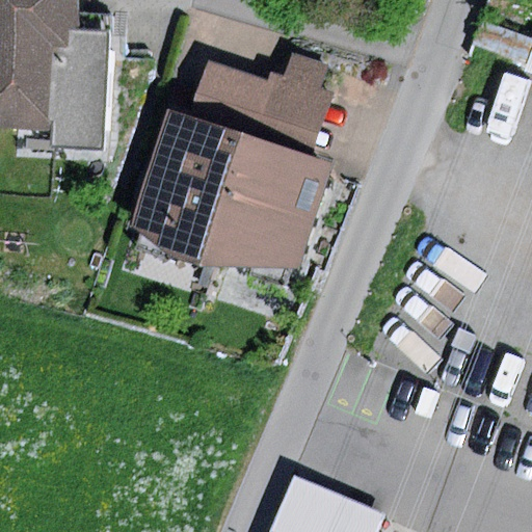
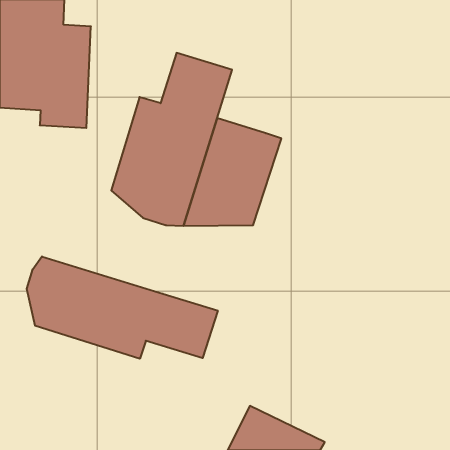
building: [256,53,332,157] -> none
building: none -> [27,256,218,359]

